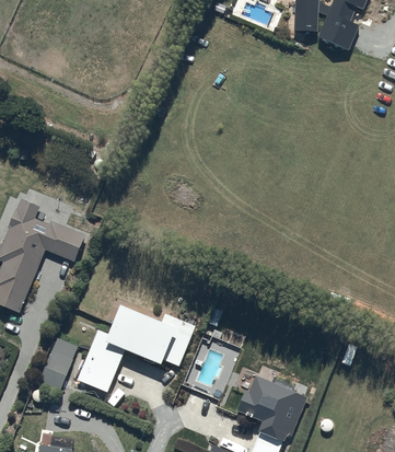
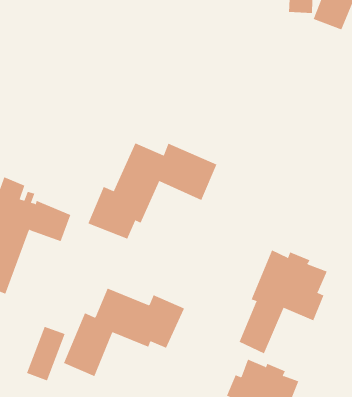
building: none -> [88,142,217,240]
building: none -> [239,250,328,354]

